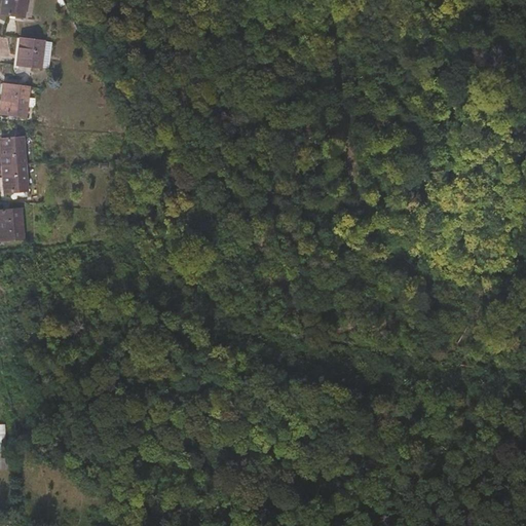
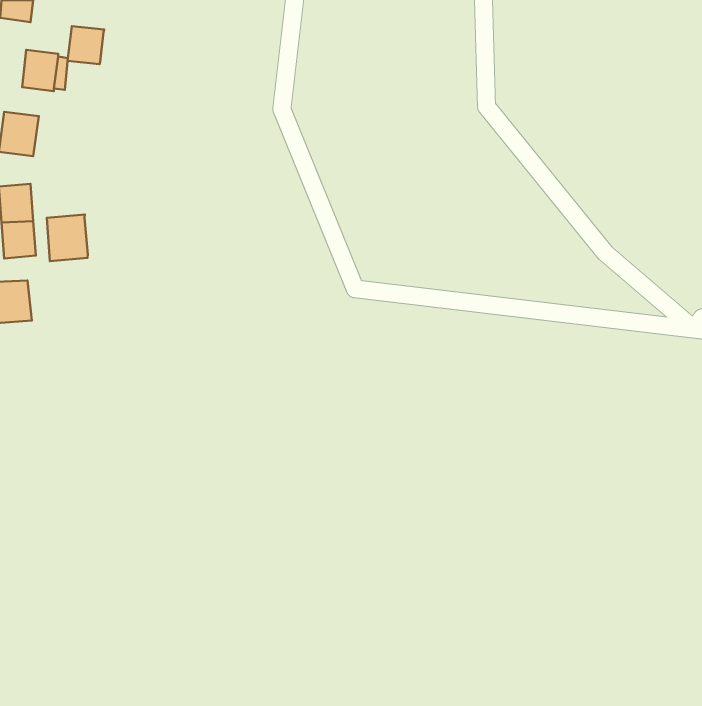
building: none -> [67,26,104,64]
building: none -> [47,215,88,261]

